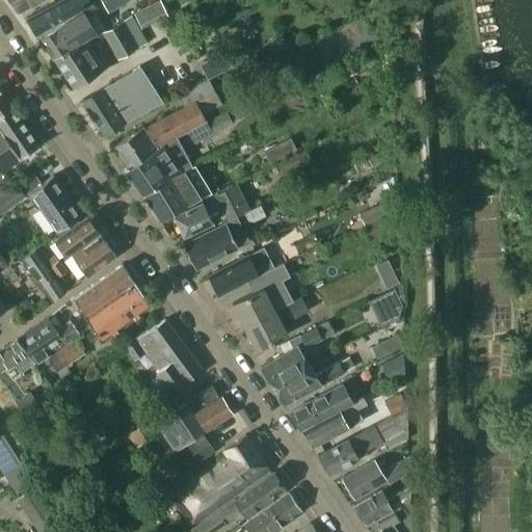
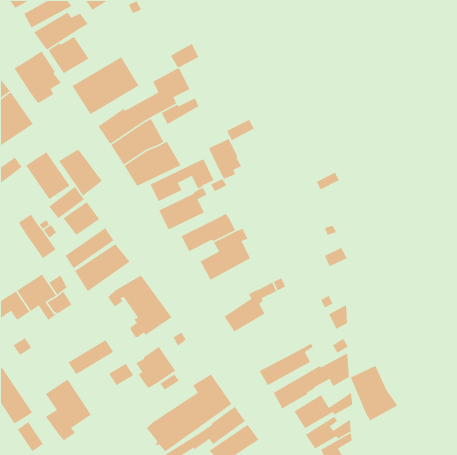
building: [101,18,148,62] -> none
building: none -> [14,50,62,104]
building: none -> [208,138,242,180]
building: none -> [58,148,103,196]
building: [244,299,308,351] -> none
building: [272,360,354,406] -> none
building: [289,385,353,433] -> none
building: none -> [68,339,114,375]
building: [194,399,232,432] -> none
building: none -> [350,365,398,422]
building: none -> [45,379,92,441]

